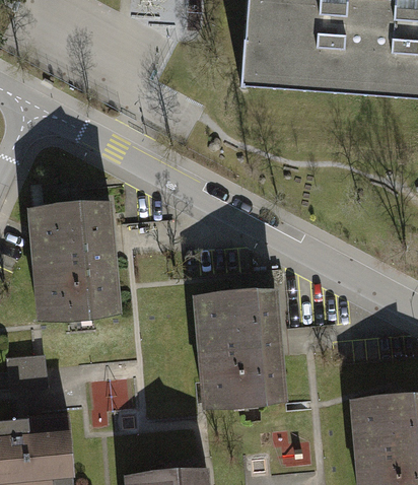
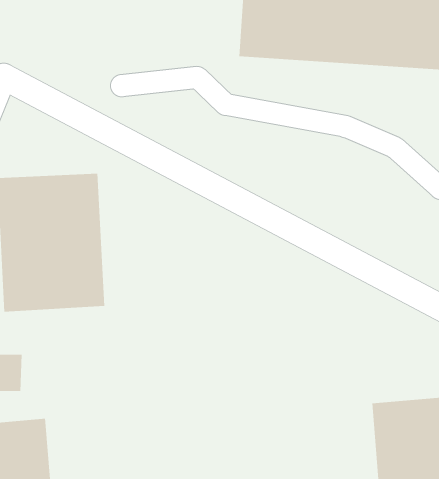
building: [196,282,285,405] -> none

